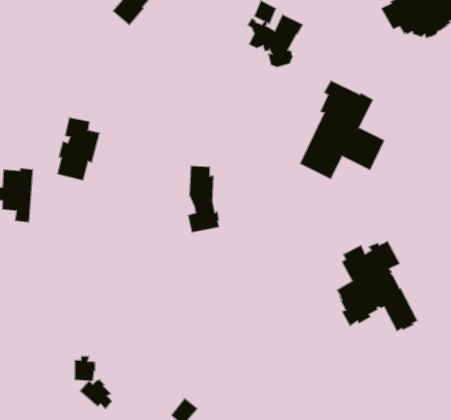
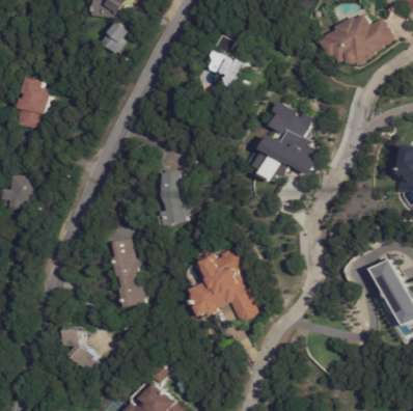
building: [58,118,100,180] -> [12,79,47,130]
building: [337,242,417,331] -> [191,248,256,321]
building: none -> [111,238,141,306]

